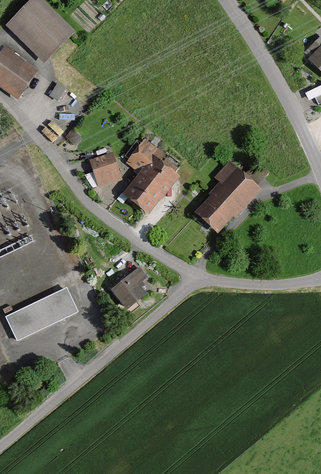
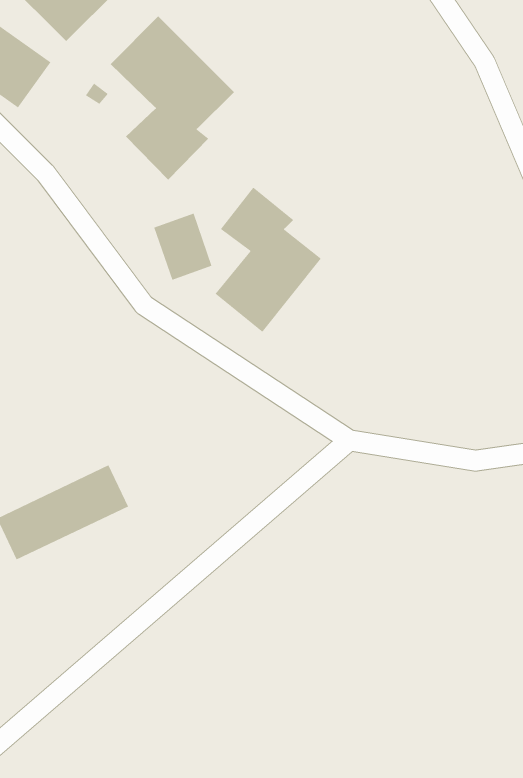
building: none -> [110,15,235,180]
building: [195,160,264,233] -> none
building: [110,264,149,312] -> none

